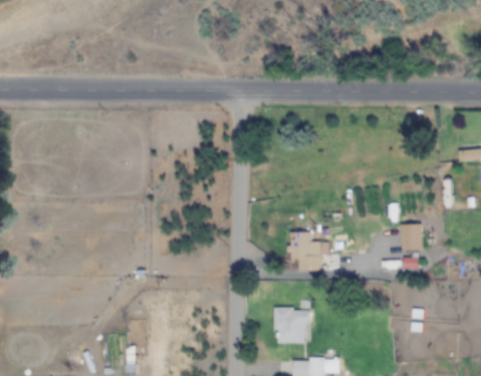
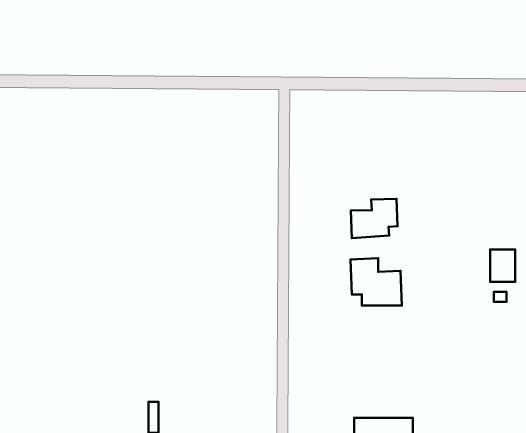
building: none -> [351,199,398,238]
building: [274,308,310,343] -> none

